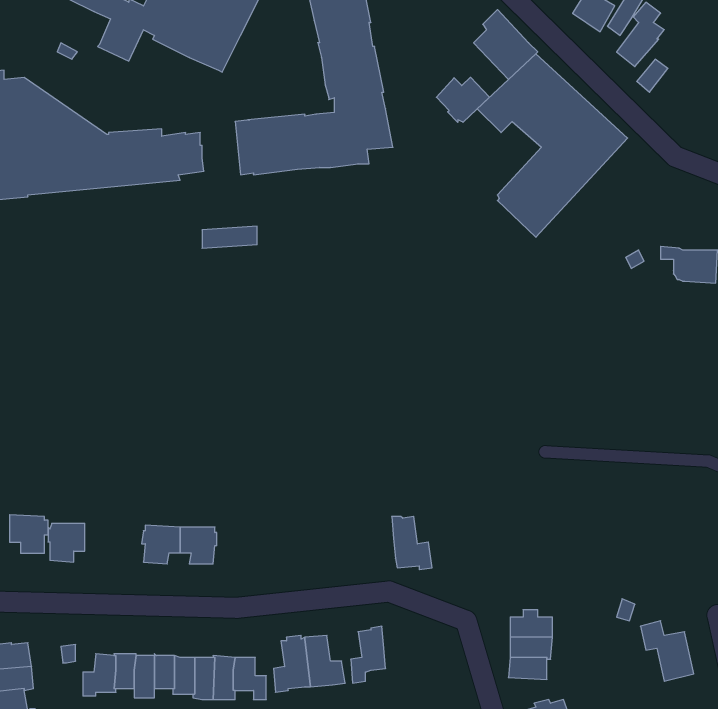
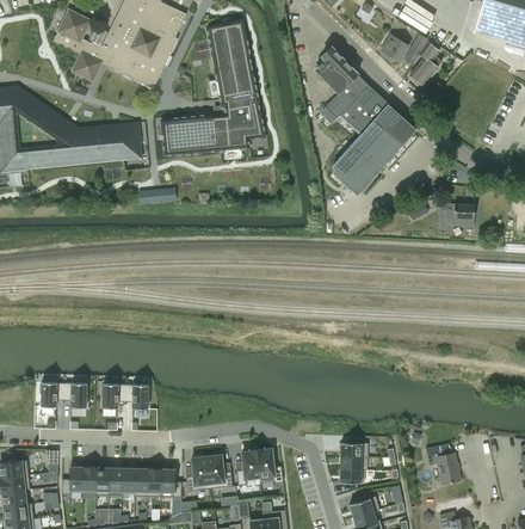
building: [436,77,489,122] -> none
building: [10,515,48,553] -> [63,382,88,407]
building: [392,516,432,570] -> [257,449,283,484]

